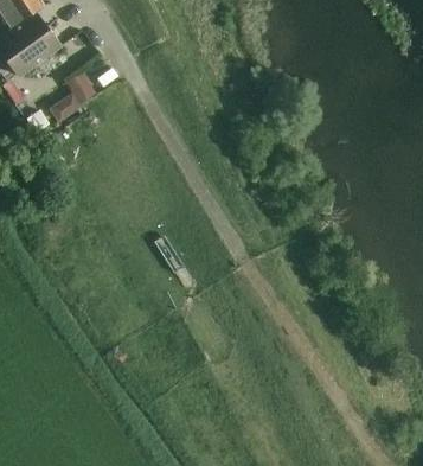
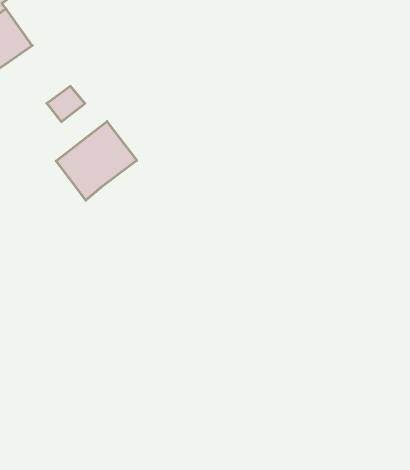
building: none -> [56,121,137,200]

